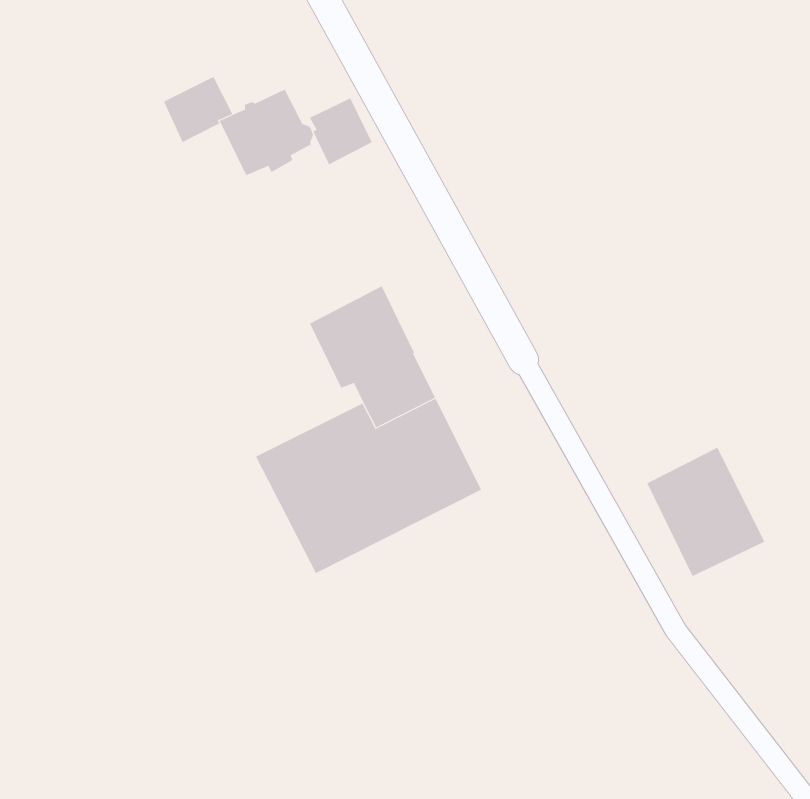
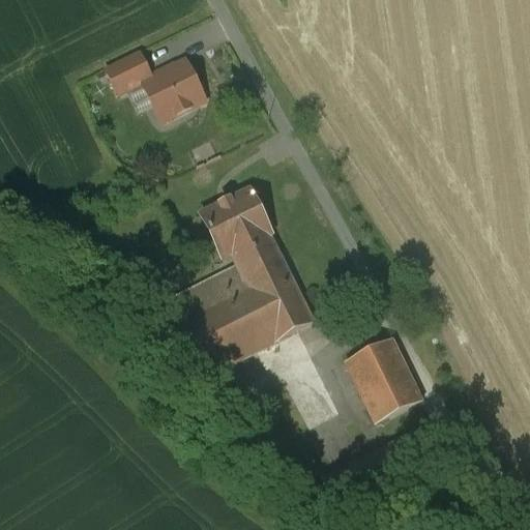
building: [309,97,373,165] -> none
building: [646,447,765,577] -> [346,336,423,421]

